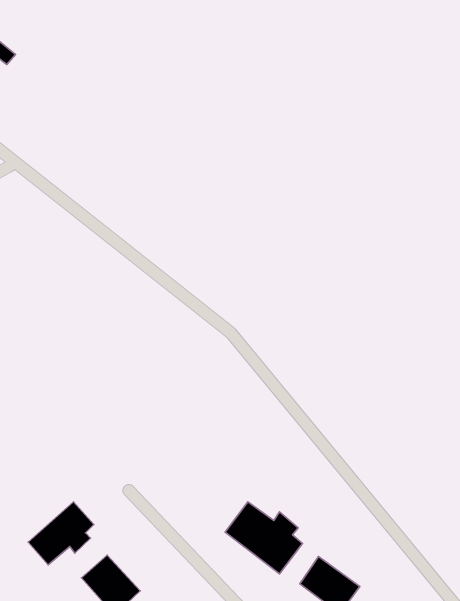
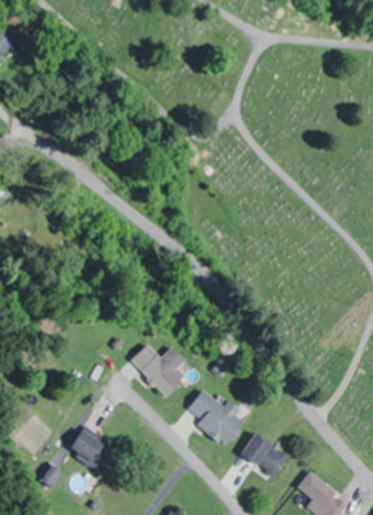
building: none -> [130,344,186,397]
building: [28,502,94,565] -> none

